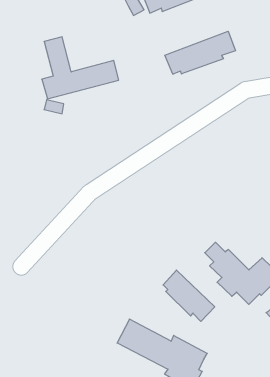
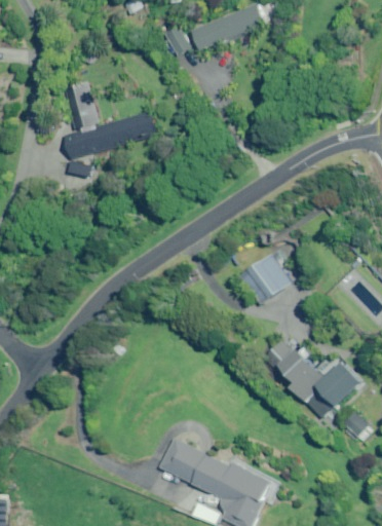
building: [165,31,235,74] -> none
building: none -> [241,250,291,304]
building: [163,270,215,321] -> none

